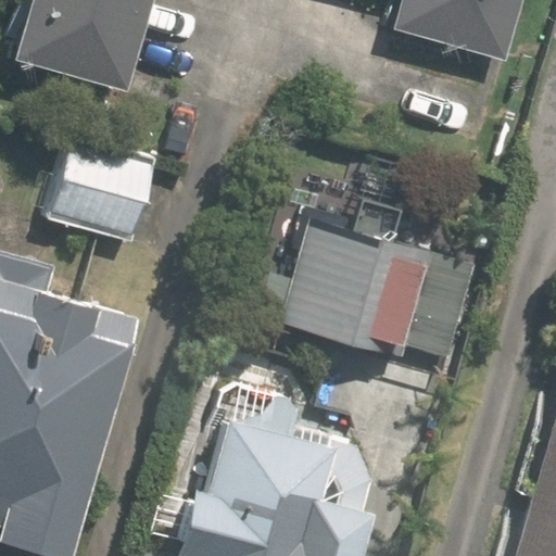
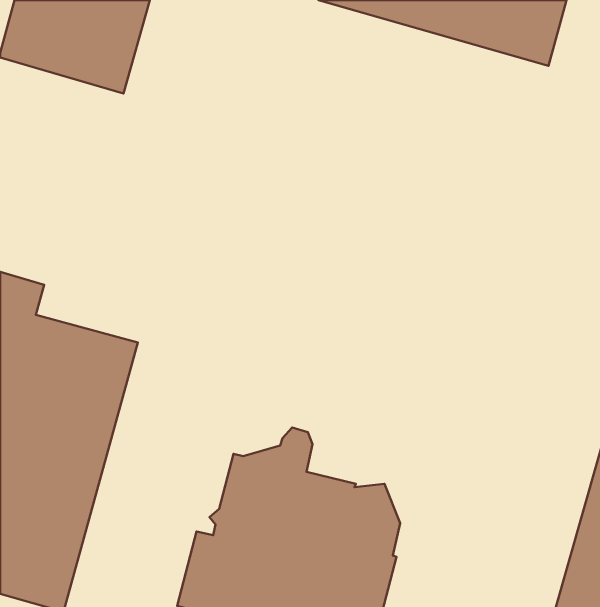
building: [45,132,157,242] -> none
building: [261,206,478,366] -> none

